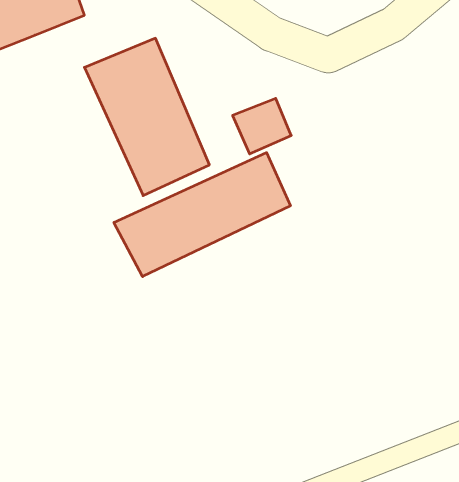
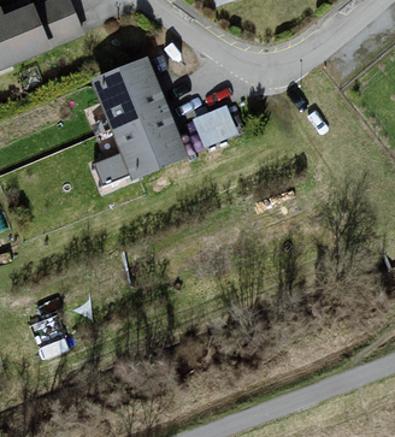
building: [114,153,290,277] -> none

